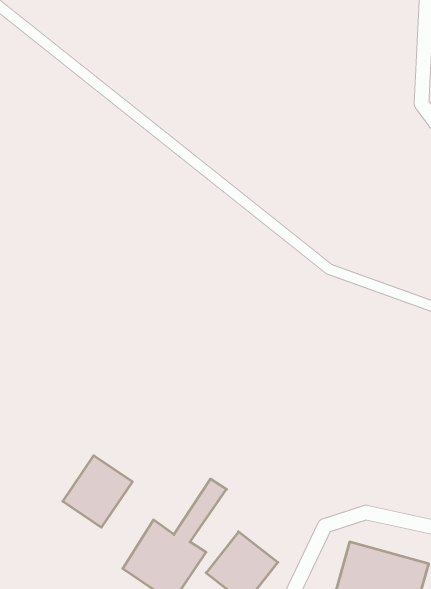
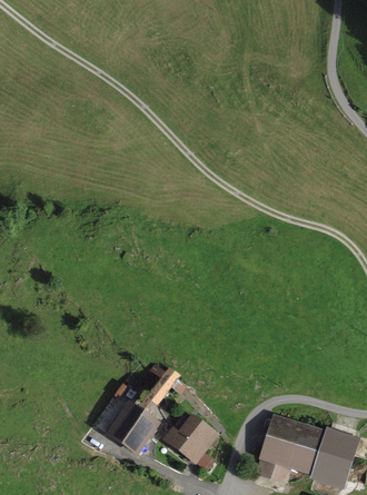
building: [63,456,132,527] -> none

